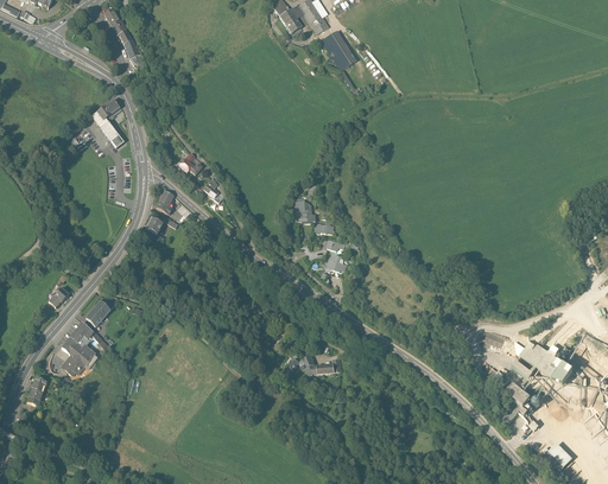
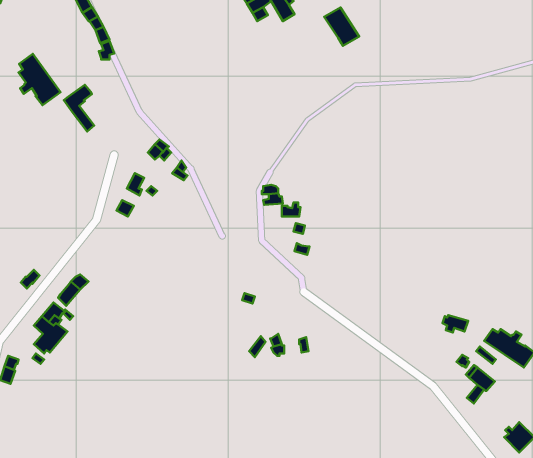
building: [319,31,355,70] -> [324,8,359,46]
building: none -> [19,54,61,105]

